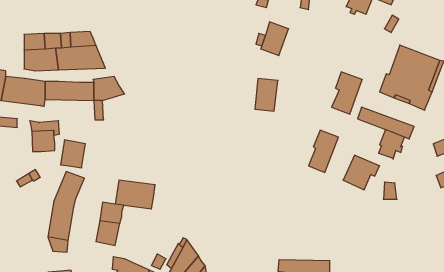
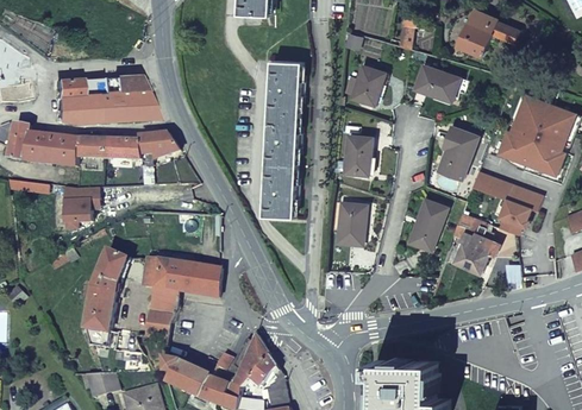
building: none -> [263,59,302,216]
building: none -> [413,64,458,101]
building: none -> [336,202,365,244]
building: [61,140,85,168] -> [143,256,174,290]

